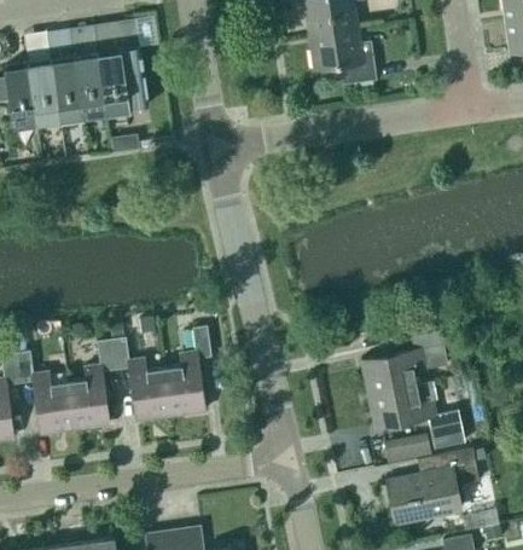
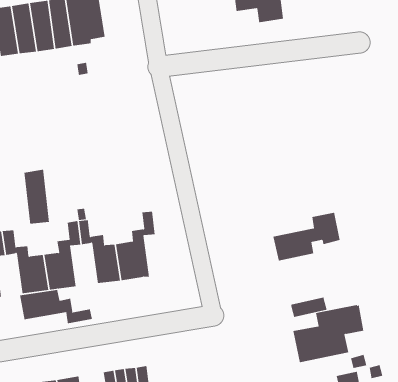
building: none -> [24,169,50,225]
building: [368,381,465,448] -> none
building: none -> [20,289,92,324]

